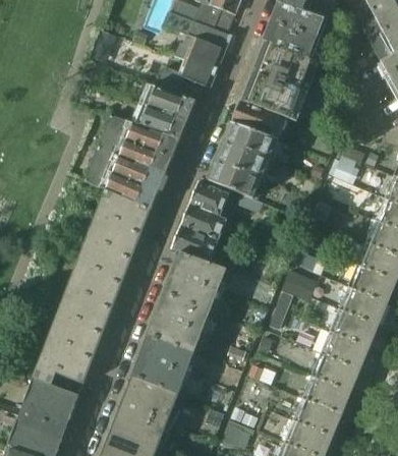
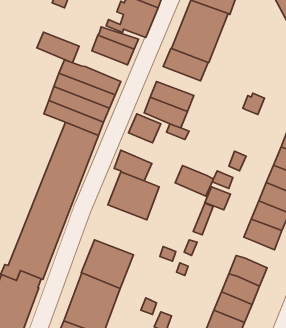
building: [135,103,187,140] -> [37,32,79,63]
building: [223,122,277,158] -> none
building: [179,204,226,241] -> [175,165,213,196]
building: [147,292,211,353] -> none
building: [321,332,367,369] -> none

